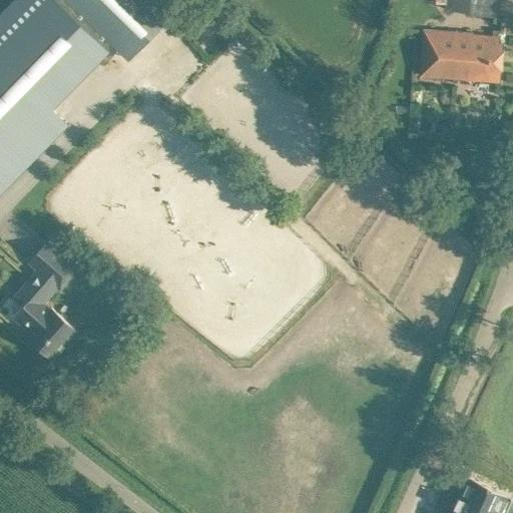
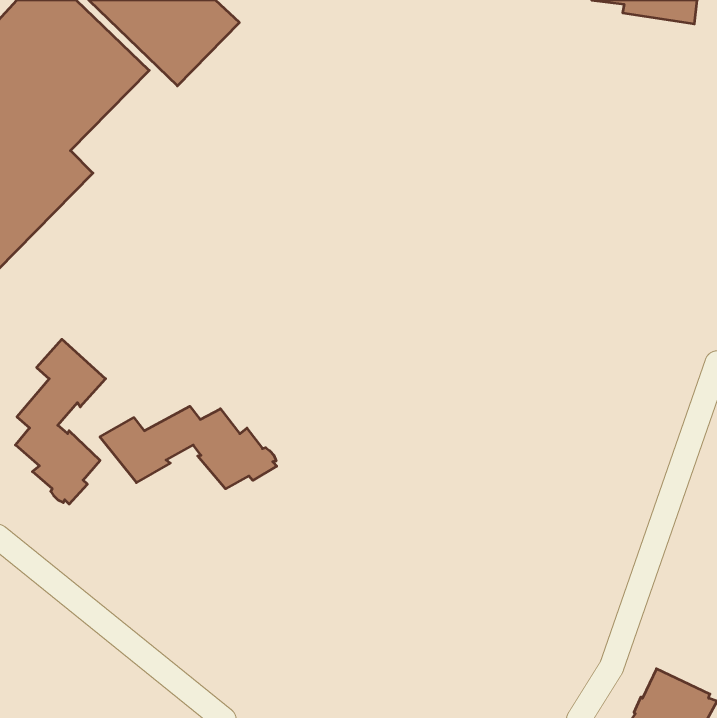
building: [418,32,500,82] -> none
building: none -> [100,406,277,489]

